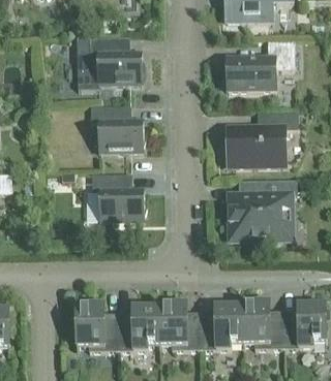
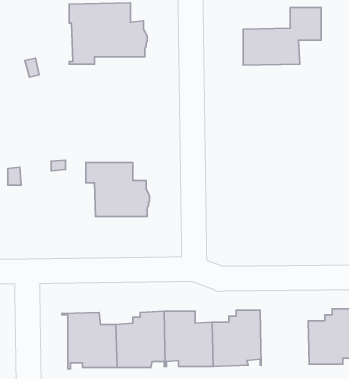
building: [90,106,145,152] -> none
building: [228,113,297,165] -> none
building: [229,180,296,241] -> none
building: [241,301,283,349] -> none

